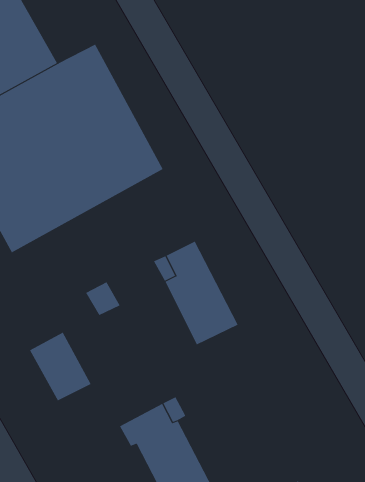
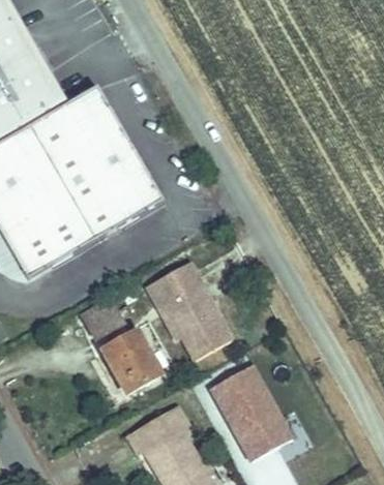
building: [29,332,91,401] -> [109,331,166,394]
building: none -> [202,369,289,472]

